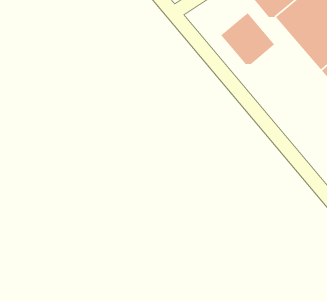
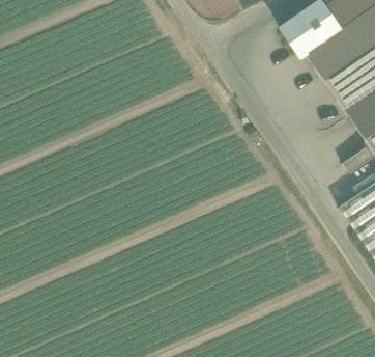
building: [220,12,275,65] -> none

